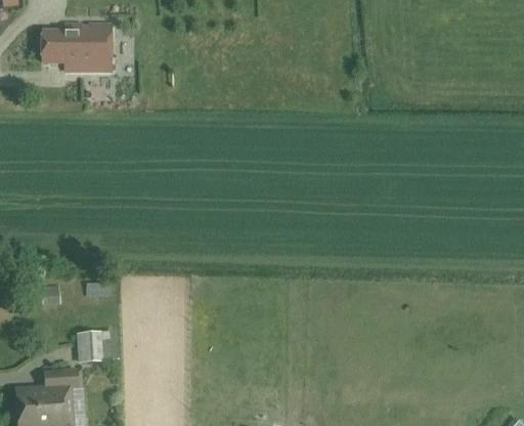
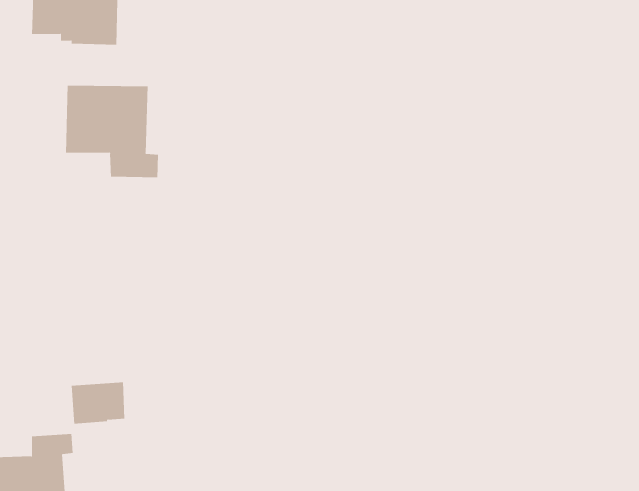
building: none -> [65,85,158,178]

